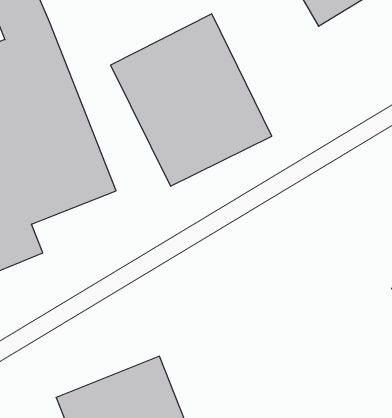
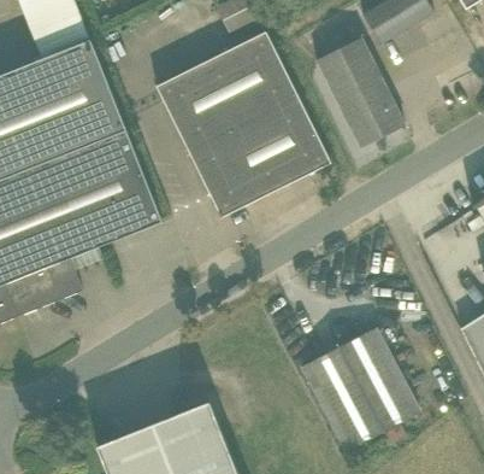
building: none -> [315,36,405,147]
building: none -> [302,327,418,460]

